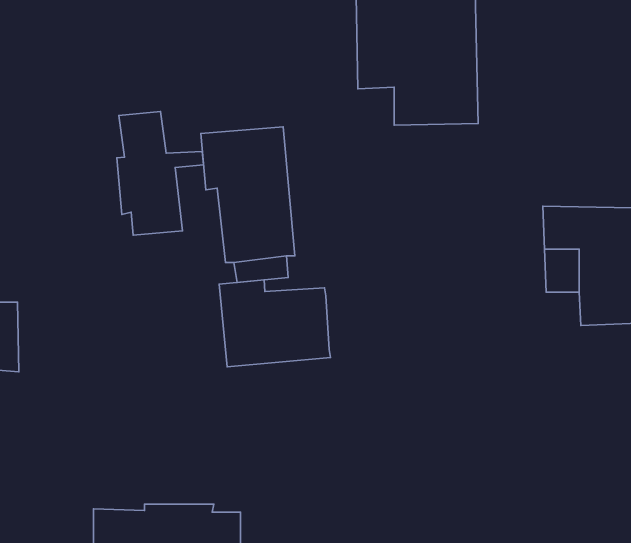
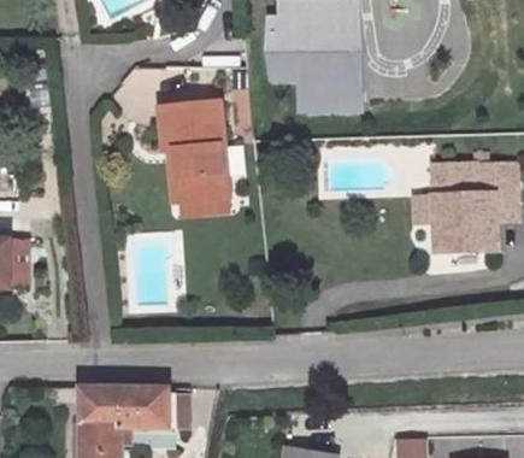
building: [117,112,203,235] -> none
building: [219,280,331,367] -> none

